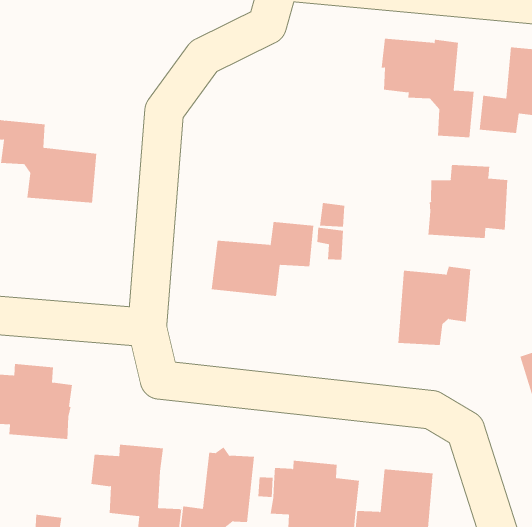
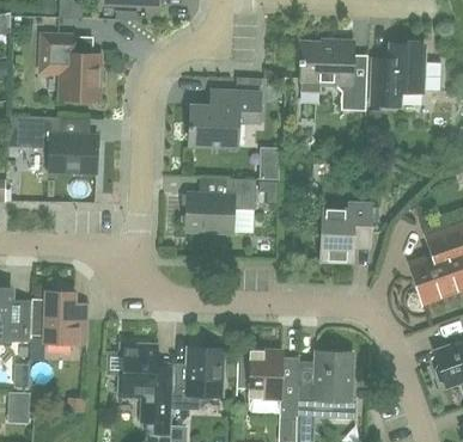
building: none -> [41,35,100,99]
building: none -> [189,90,260,146]
building: [428,164,508,239] -> none

